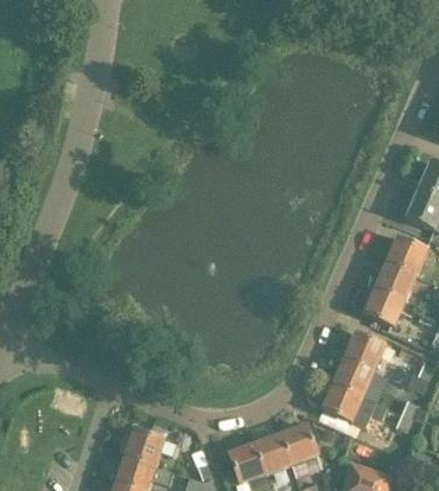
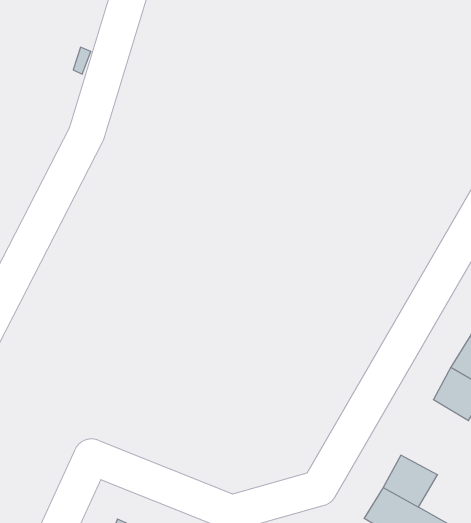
building: [344,331,384,369] -> none

